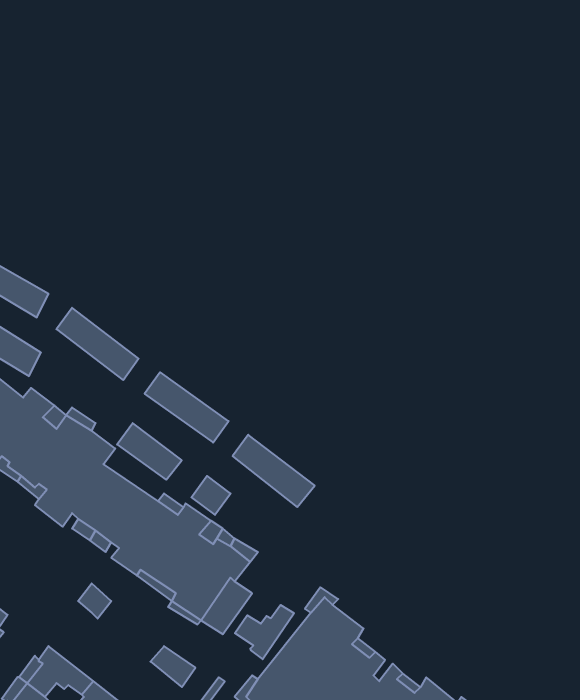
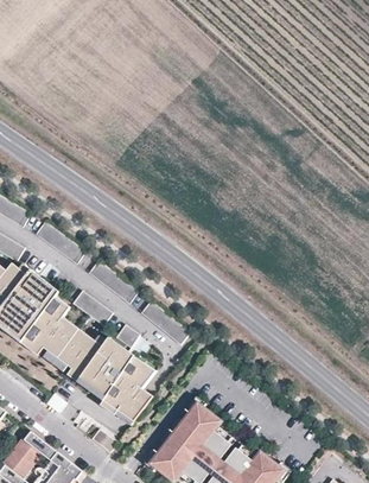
building: [235,605,294,659] -> none

